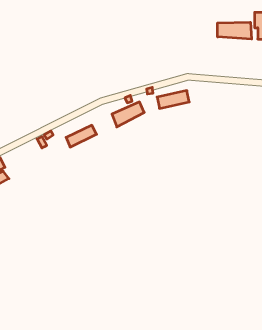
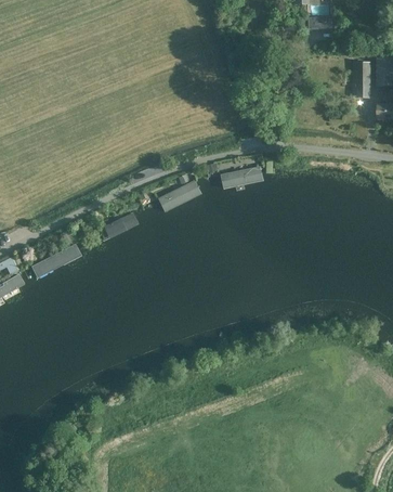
building: [218,22,252,39] -> none
building: none -> [27,244,82,283]

